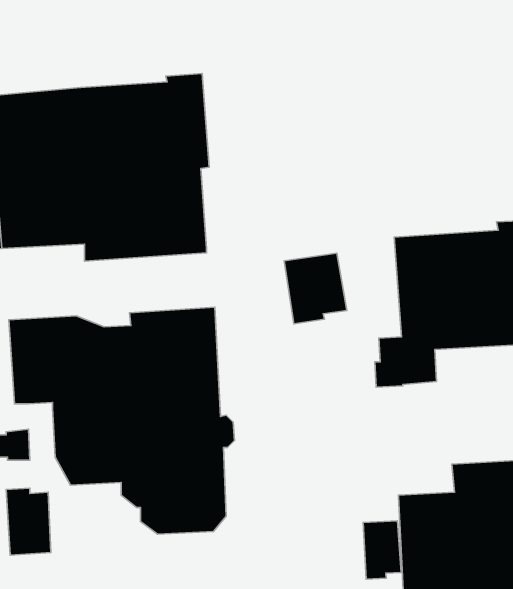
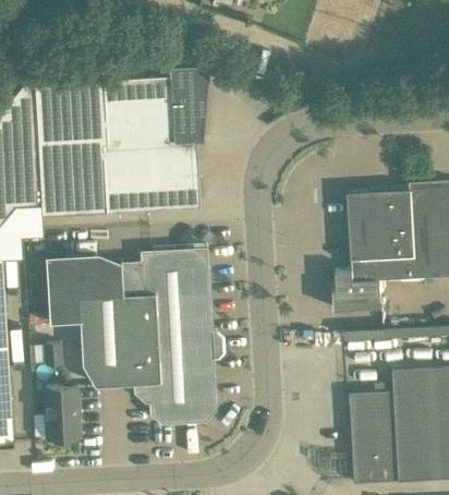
building: [284,253,347,324] -> none
building: [363,521,401,579] -> none

